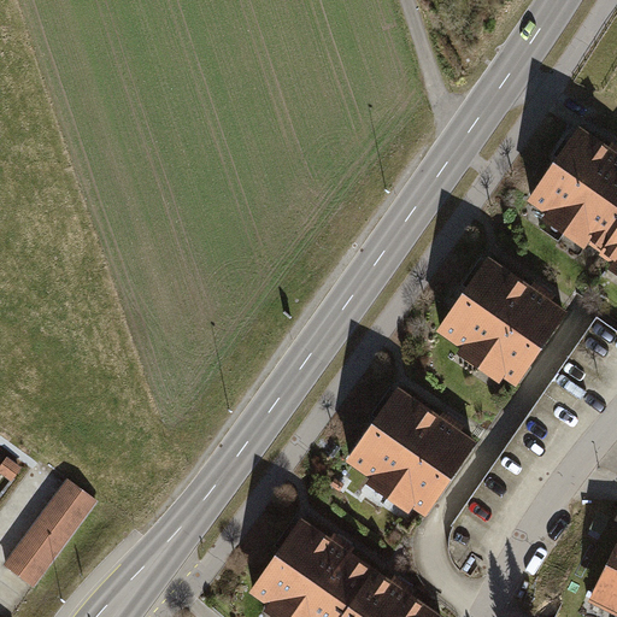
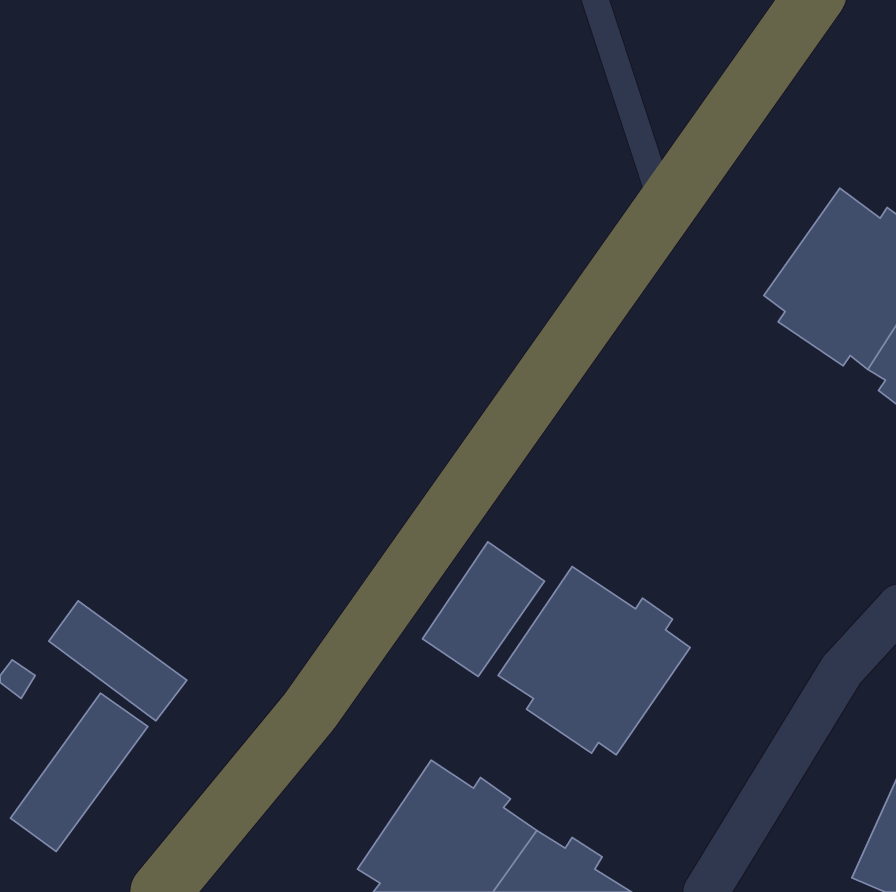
building: [435,257,566,387] -> none
building: none -> [423,542,545,676]
building: none -> [49,601,187,721]

